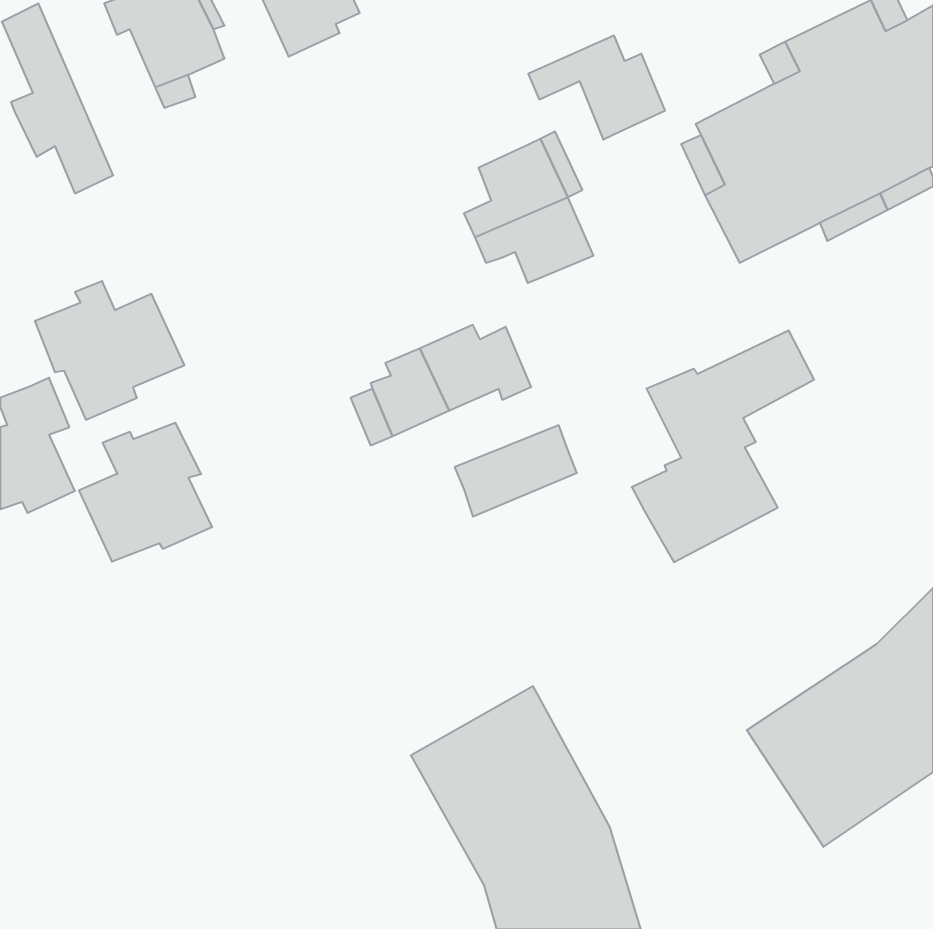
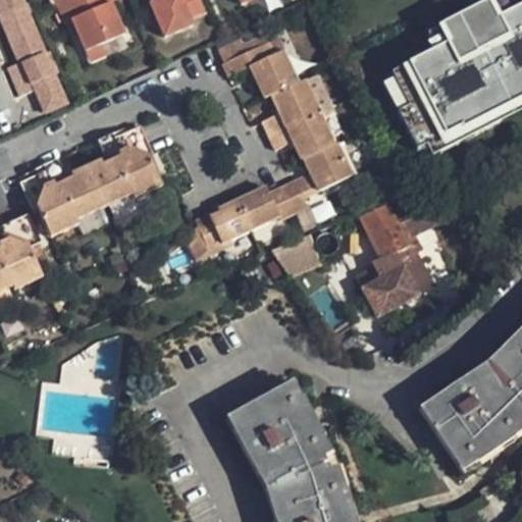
building: [528,36,665,140] -> [219,39,296,97]
building: none -> [282,141,350,216]
building: [79,423,212,562] -> [85,126,159,204]

